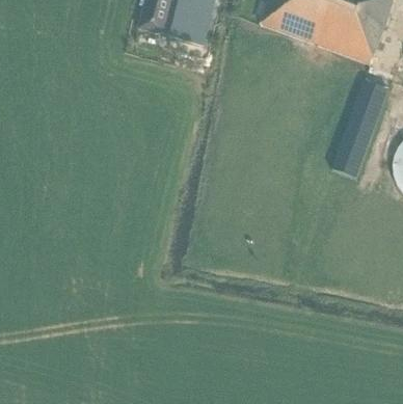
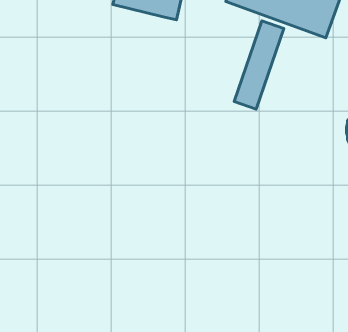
building: [333,81,387,178] -> [234,21,284,109]

